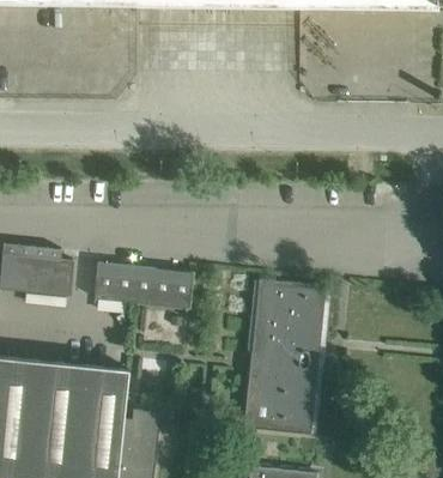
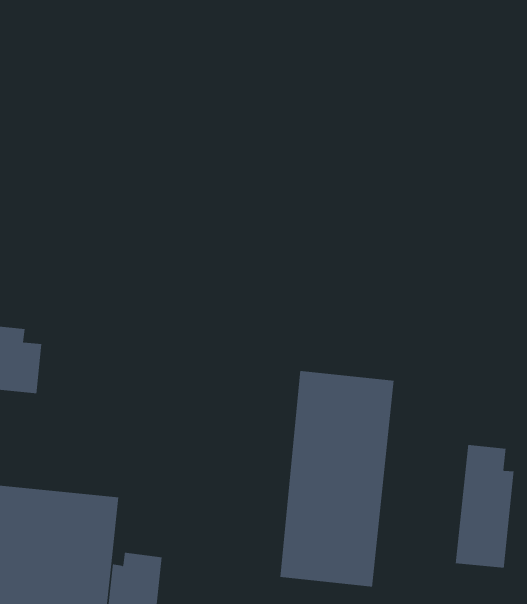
building: [93,262,193,308] -> none
building: none -> [455,444,514,569]

